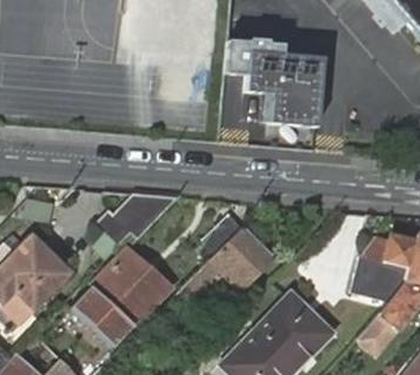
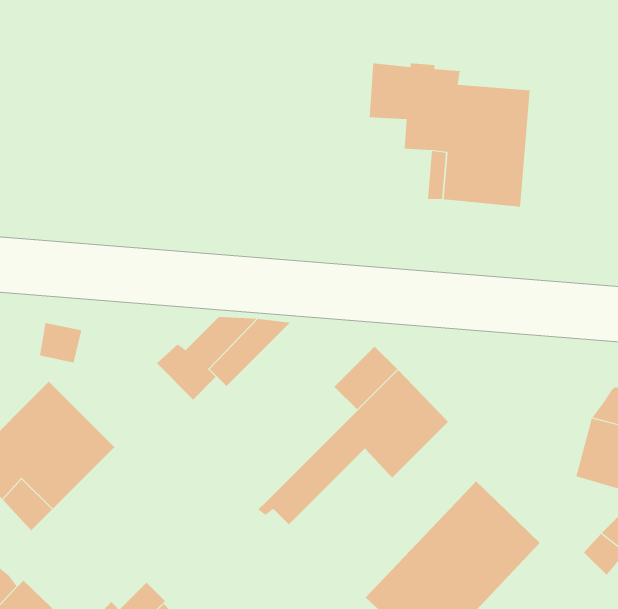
building: [72,249,171,345] -> none

